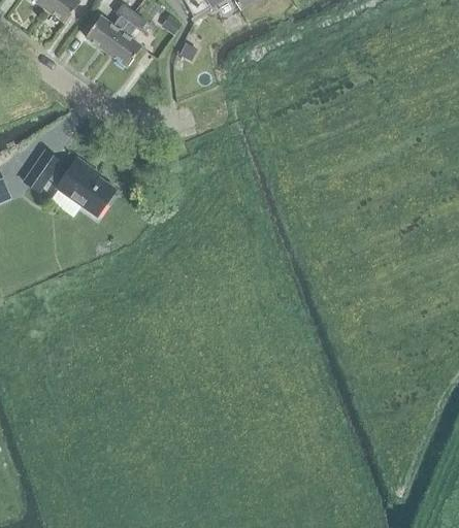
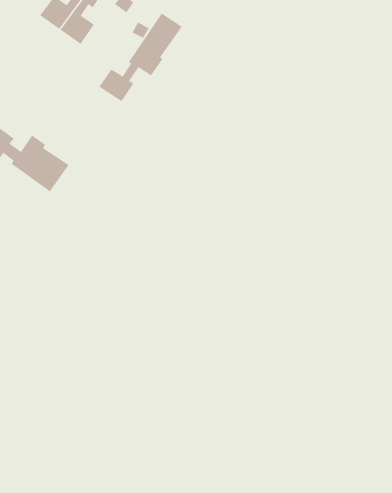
building: none -> [98,13,183,102]

